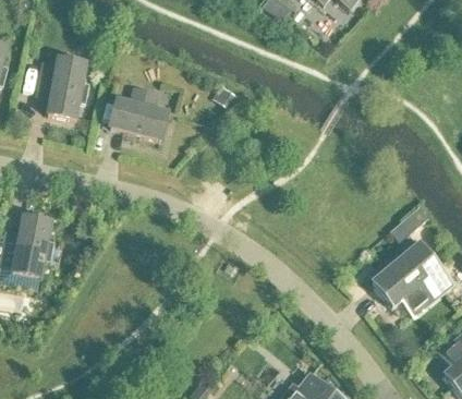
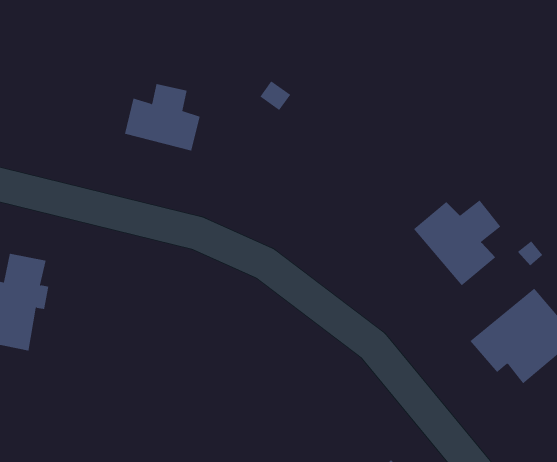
building: [38,57,88,117] -> none
building: none -> [413,199,501,286]

